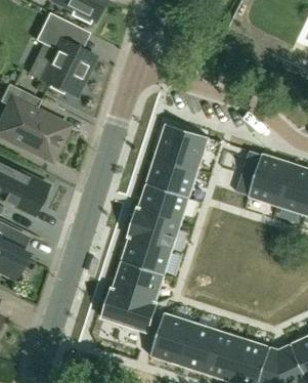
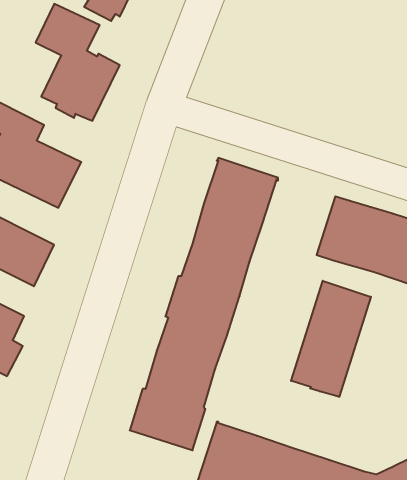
building: none -> [291,281,371,397]

